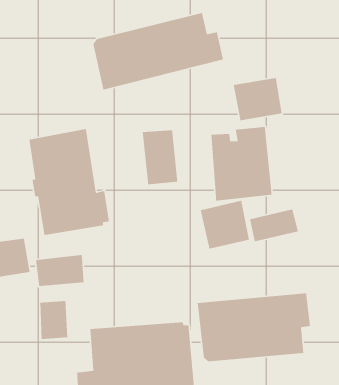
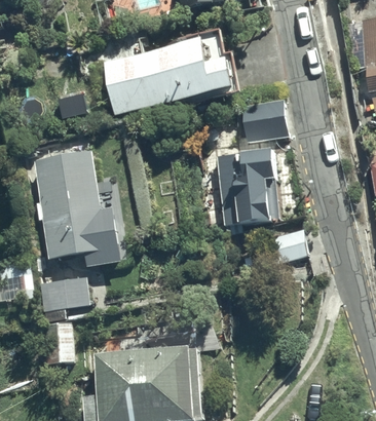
building: [142,129,178,185] -> none
building: [200,200,250,249] -> none
building: [197,293,311,362] -> none

